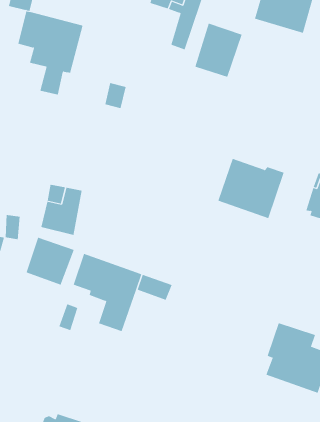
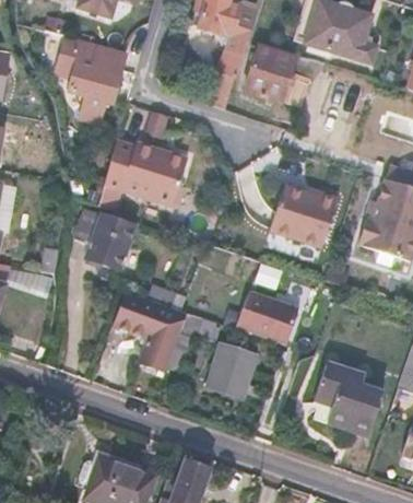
building: none -> [106,136,189,210]
building: [26,237,75,286] -> none
building: none -> [240,286,303,340]
building: none -> [211,342,260,396]

